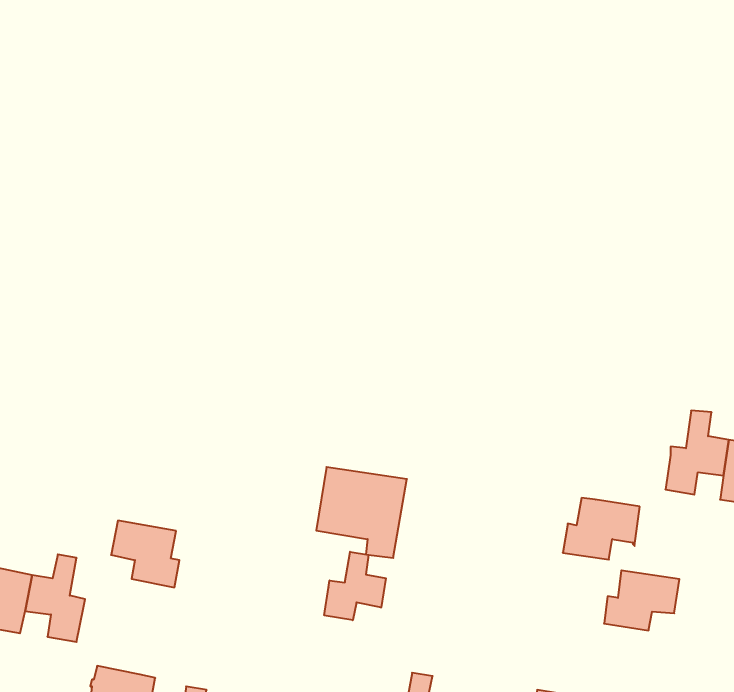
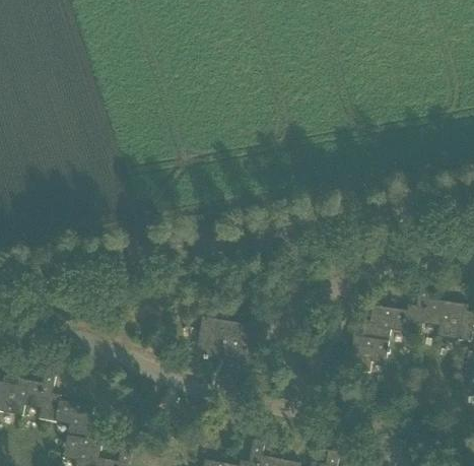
building: [111,521,179,587] -> [55,400,95,440]
building: [324,552,386,620] -> none
building: [604,570,679,630] -> [362,305,407,340]

